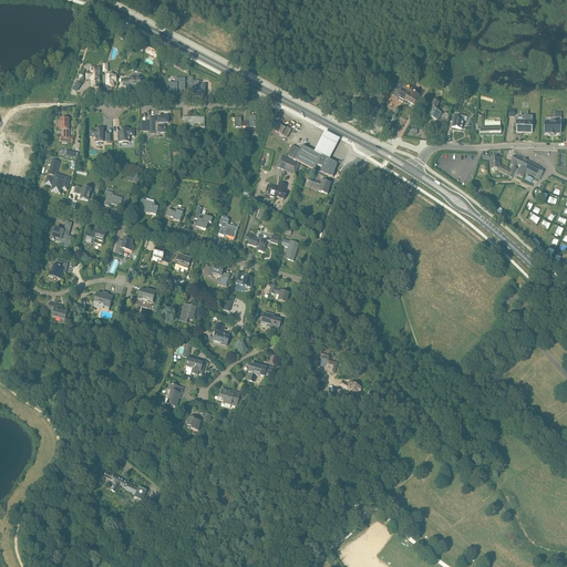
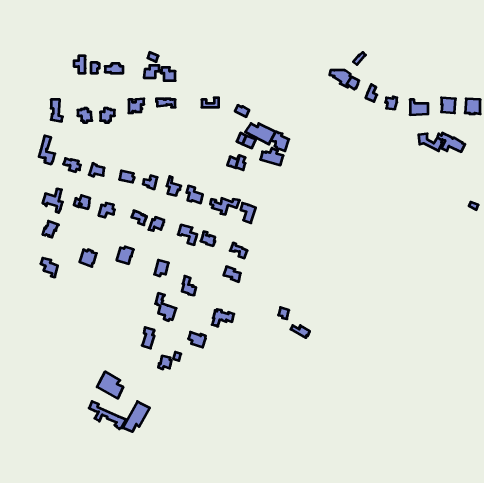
building: none -> [97,372,123,398]
building: none -> [123,401,150,432]

